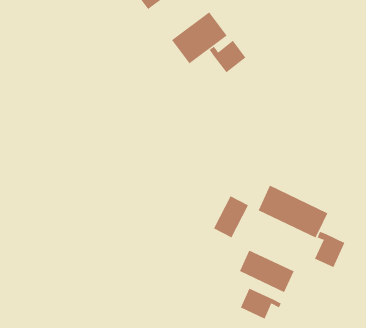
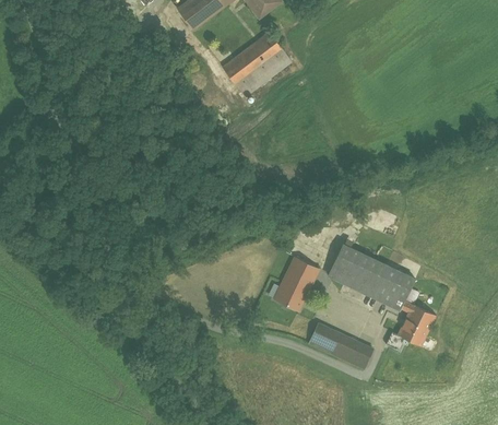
building: [209,40,246,73] -> none
building: [240,288,282,319] -> none

